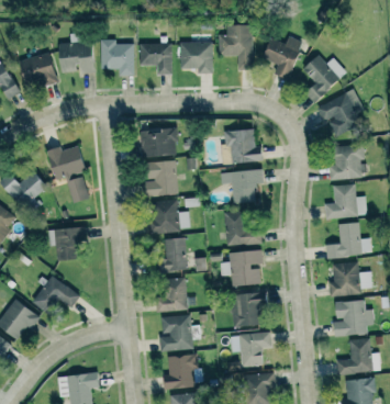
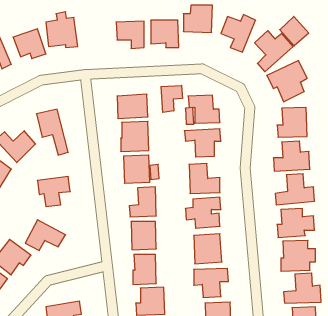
building: none -> [280,16,309,46]
building: [101,40,134,76] -> none
building: none -> [161,85,182,112]

